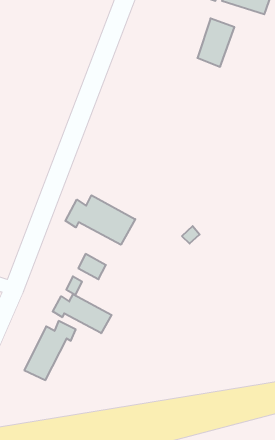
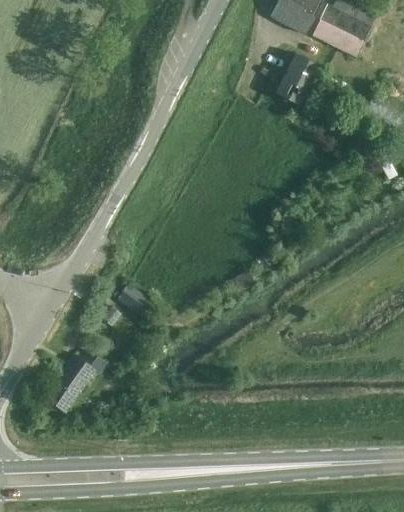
building: [65,195,135,245] -> none
building: [53,294,112,333] -> none

